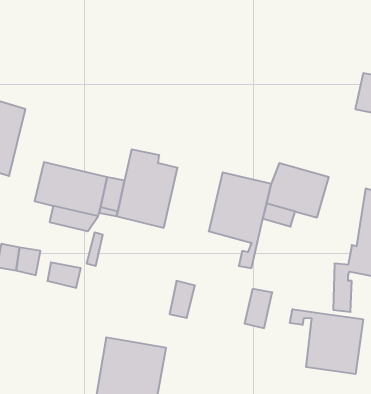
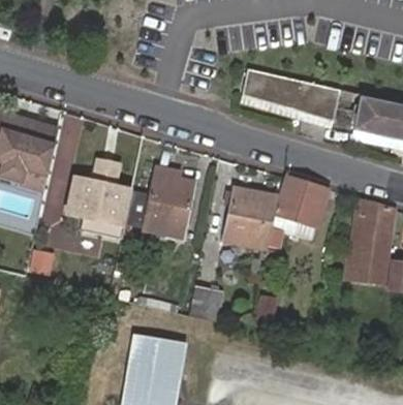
building: none -> [242,69,341,120]
building: [290,309,363,374] -> none

